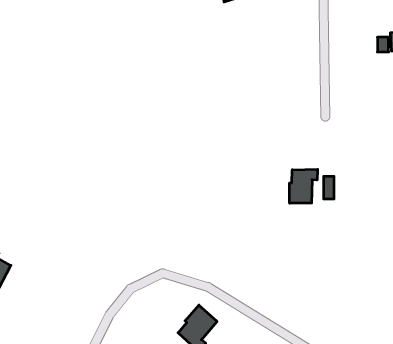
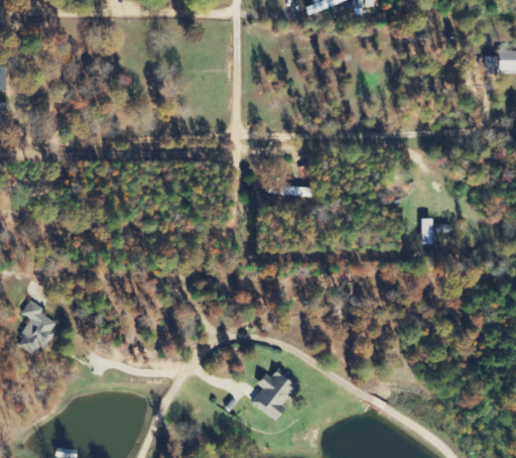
building: [290,169,318,203] -> none

